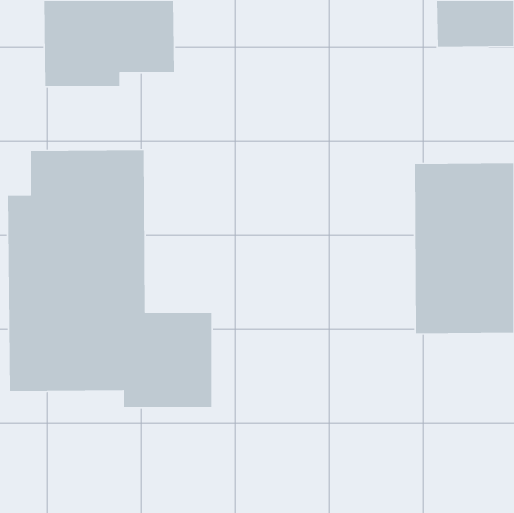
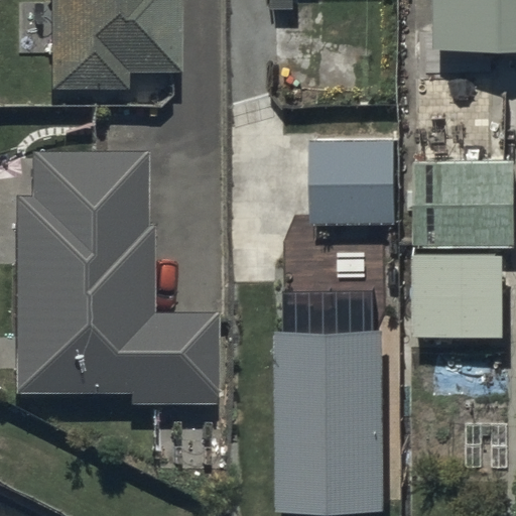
building: none -> [310,139,394,220]
building: none -> [280,331,384,506]

